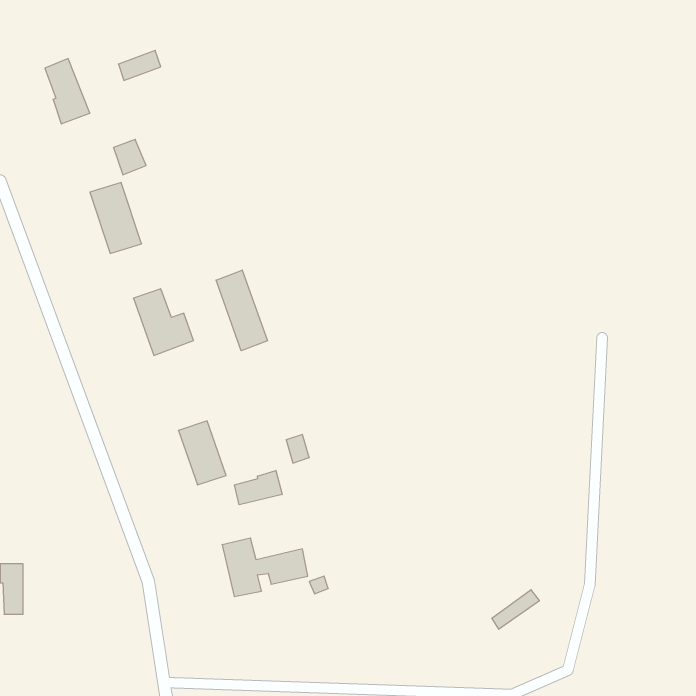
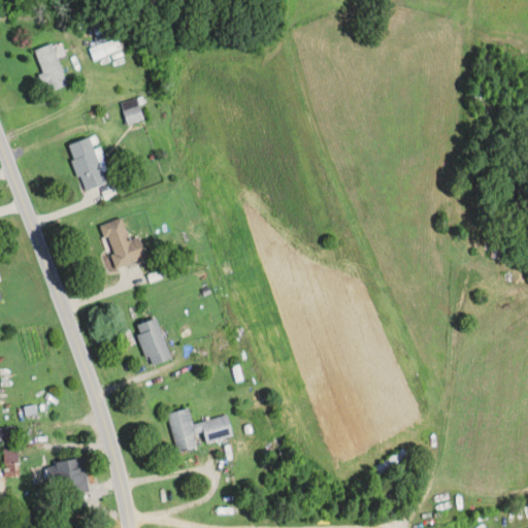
building: [113,139,146,175] -> [120,99,144,126]
building: [216,270,267,351] -> none
building: [235,470,282,505] -> none
building: none -> [57,458,89,495]

